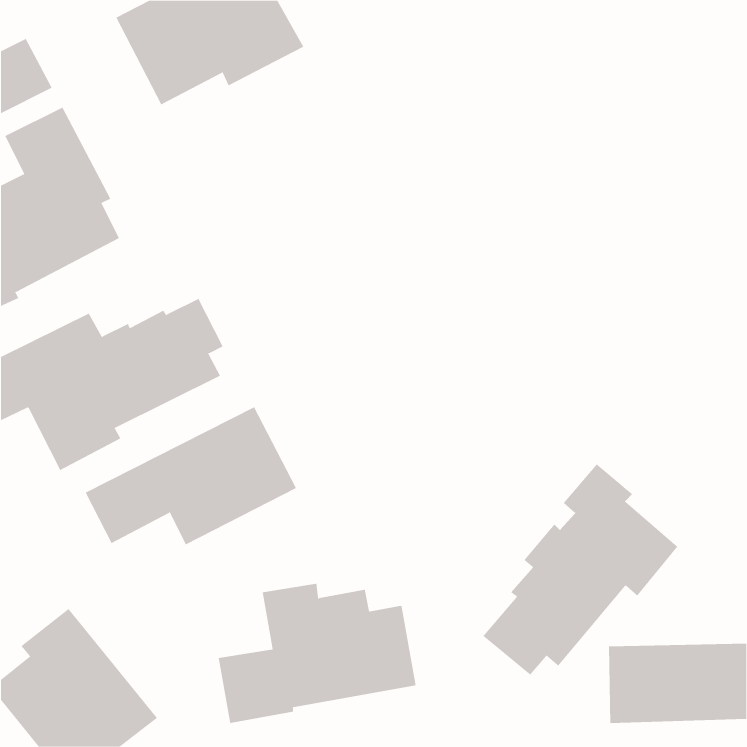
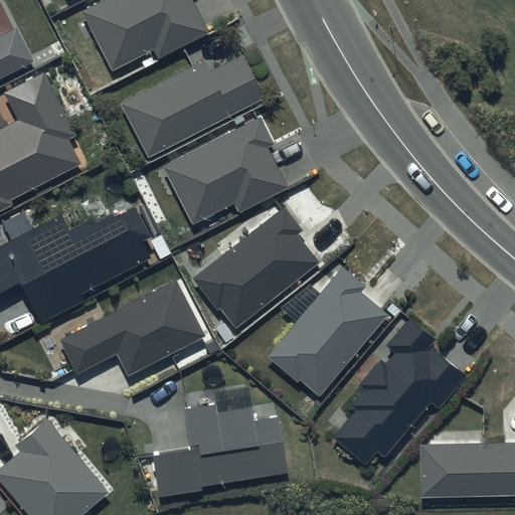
building: none -> [121,54,265,158]
building: none -> [162,115,287,224]
building: none -> [192,206,320,328]
building: none -> [268,267,388,399]

